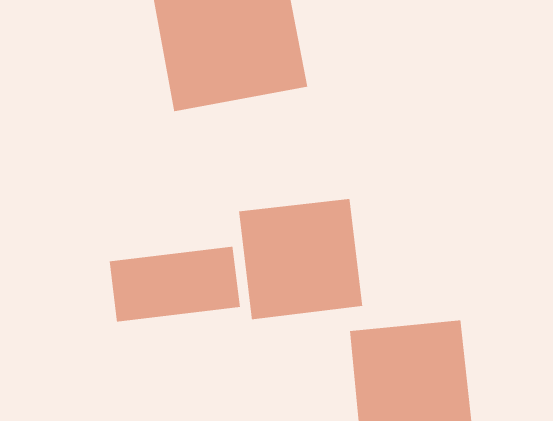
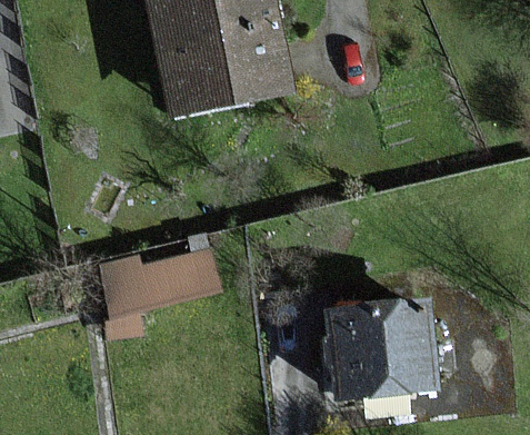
building: [238,198,363,320] -> none

